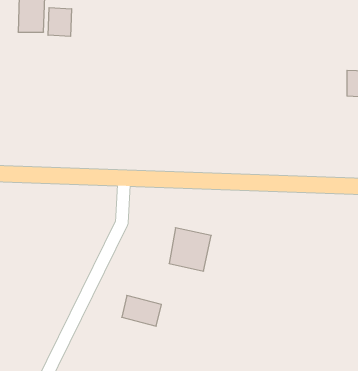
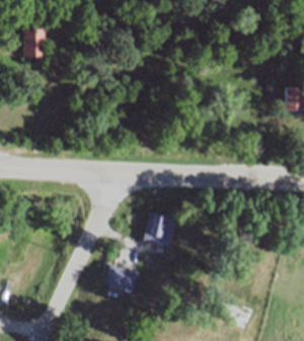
building: [48,8,72,36] -> none

